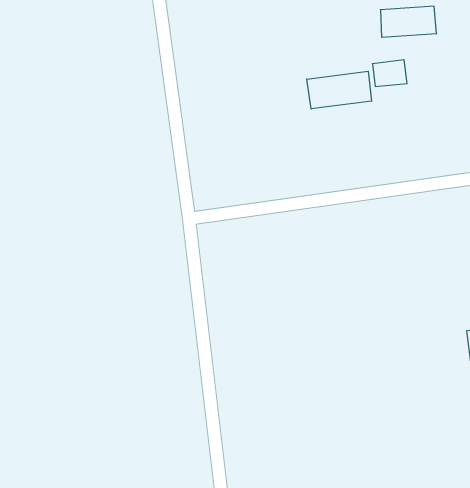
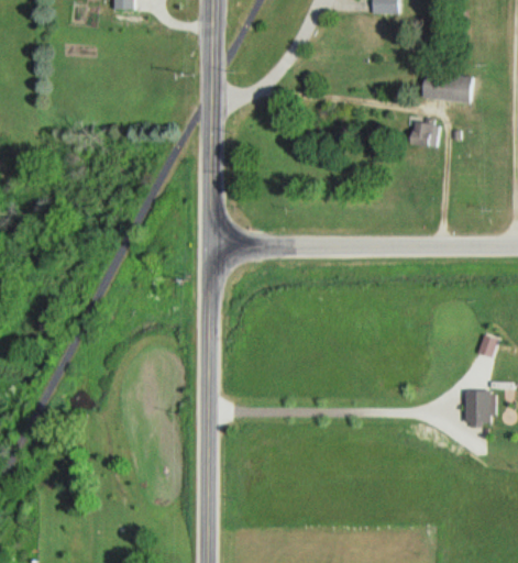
building: [307,71,371,109] -> none

